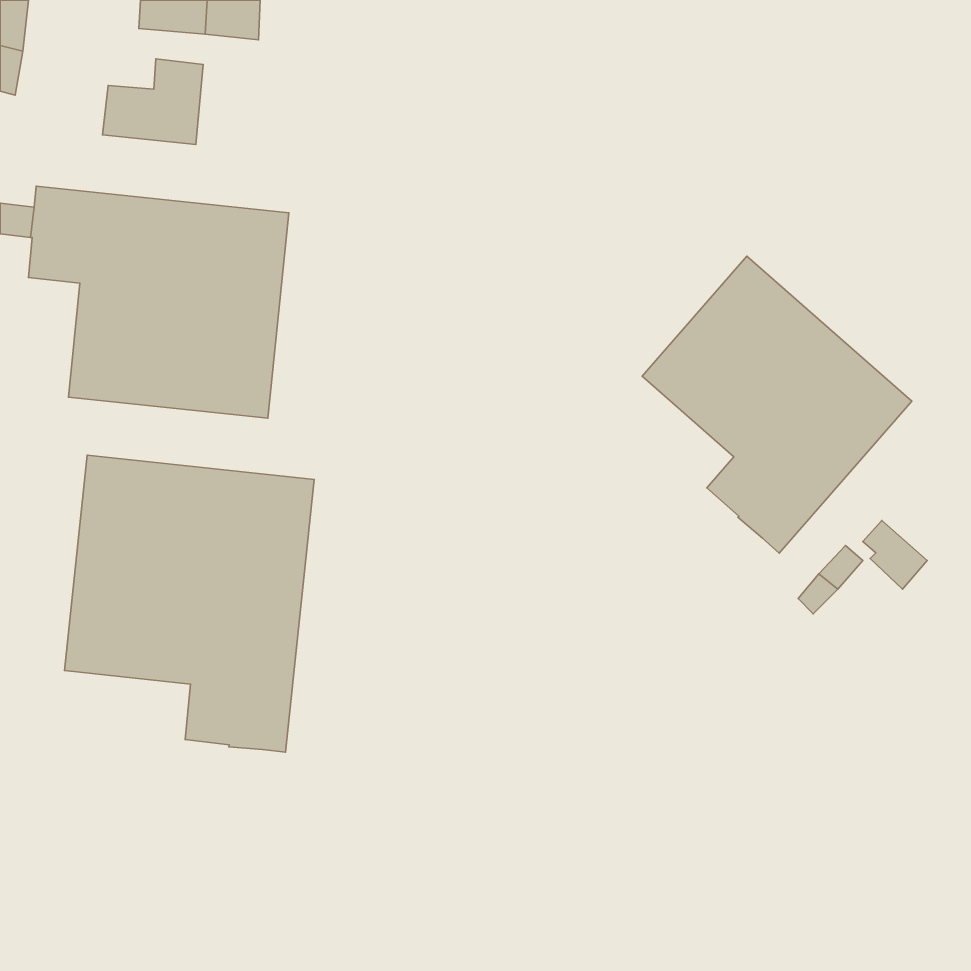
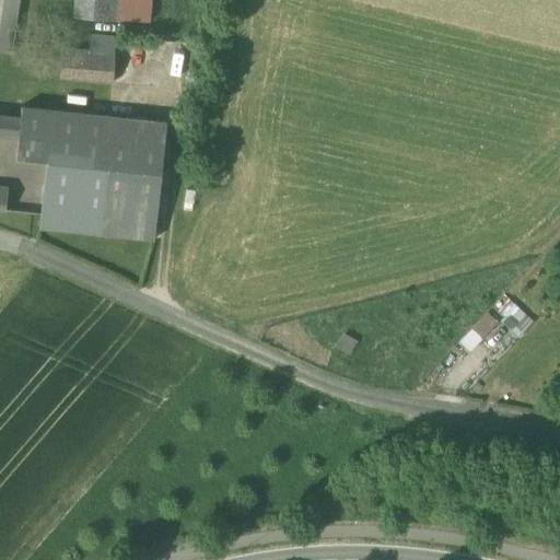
building: [642,256,912,553] -> none
building: [64,455,314,752] -> none

